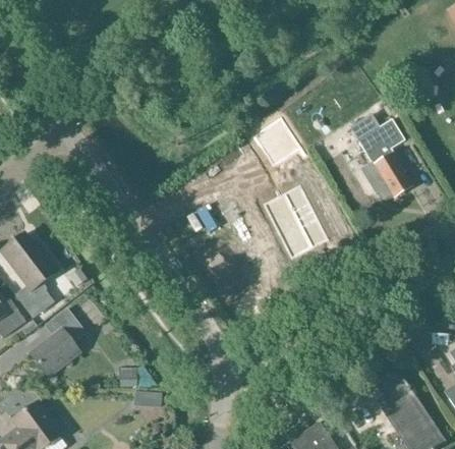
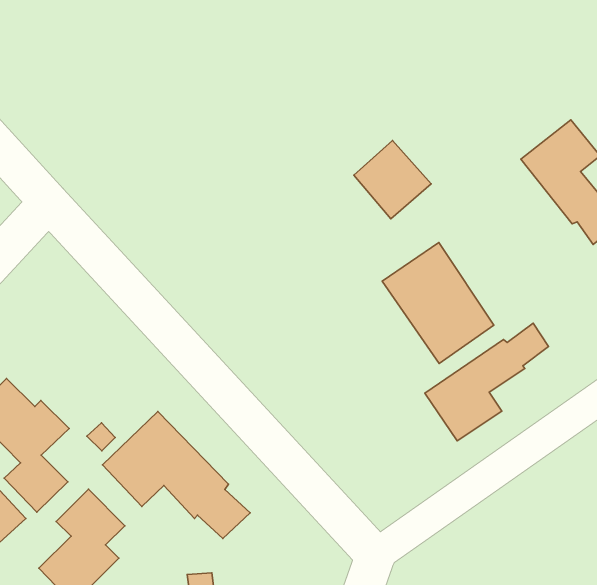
building: none -> [425,323,549,441]
building: none -> [103,411,250,538]

